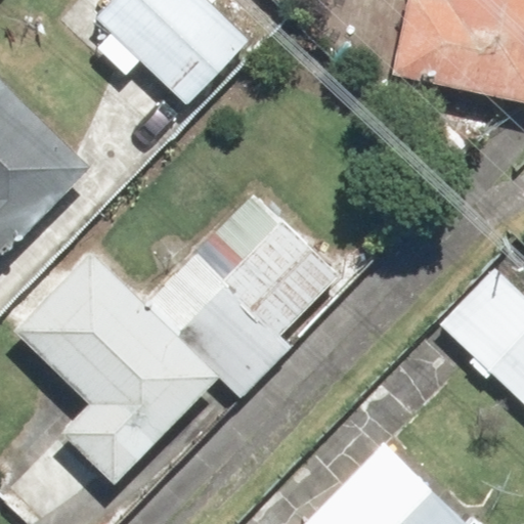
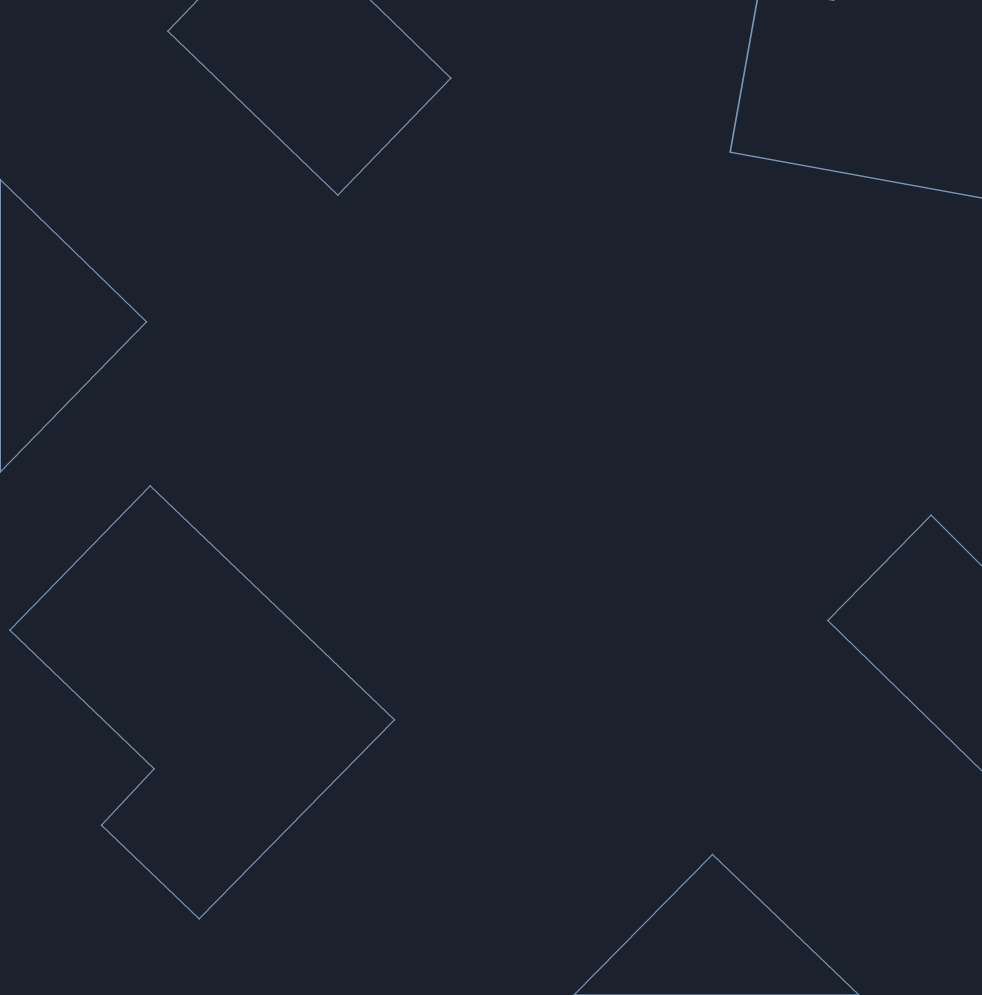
building: [155,191,343,379] -> none

